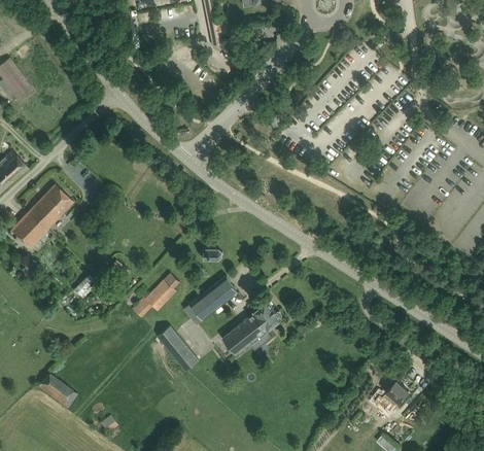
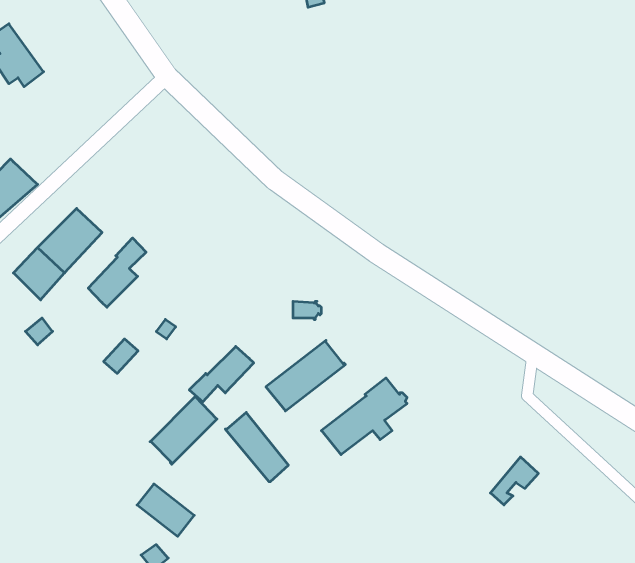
building: none -> [88,238,146,307]
building: none -> [150,397,217,464]
building: [37,372,76,408] -> [137,484,194,536]
building: [375,380,408,413] -> [490,457,538,505]

